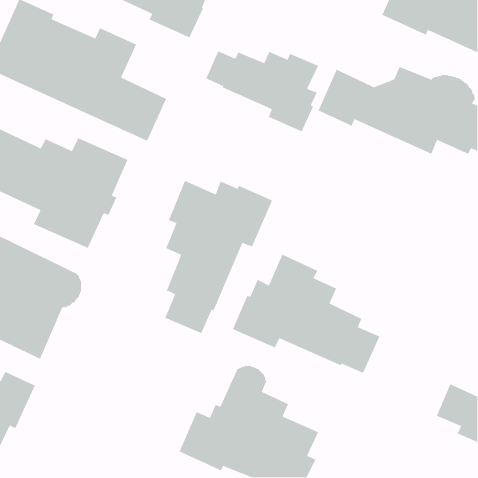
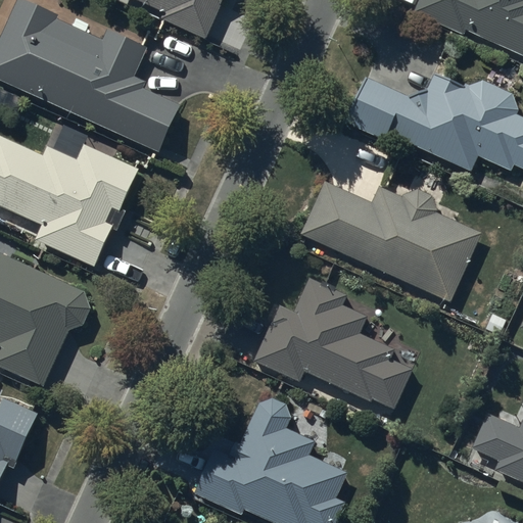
building: [205,50,319,133] -> none
building: none -> [299,180,479,299]
building: [164,180,273,334] -> none

